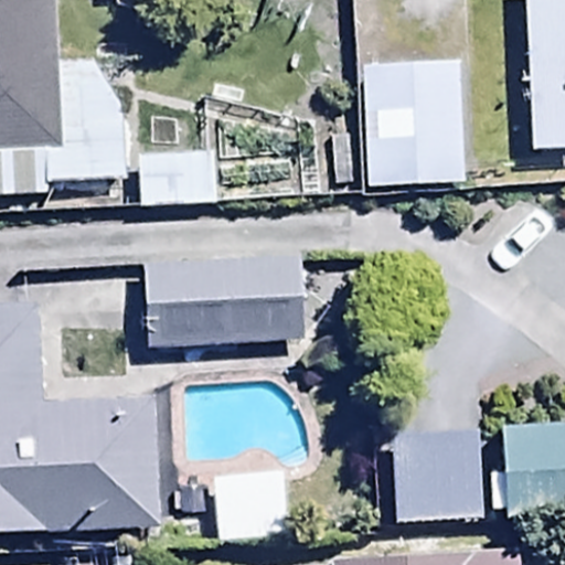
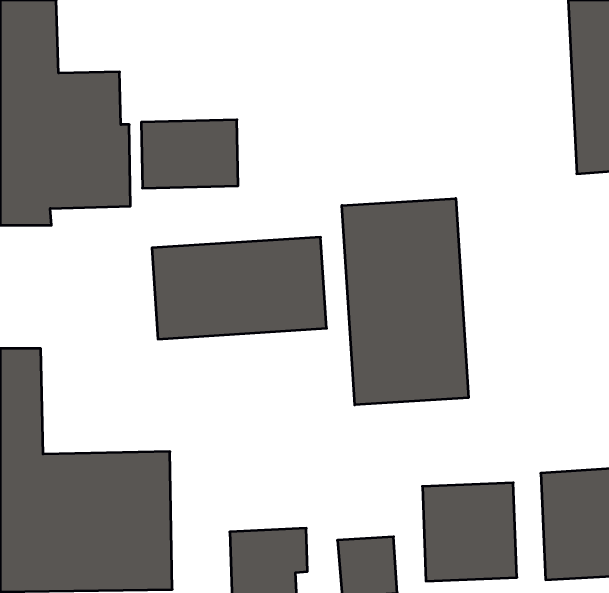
building: [360,45,466,171] -> none
building: none -> [342,198,468,405]

